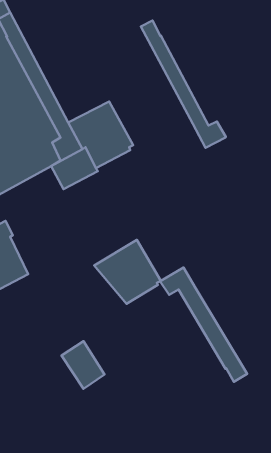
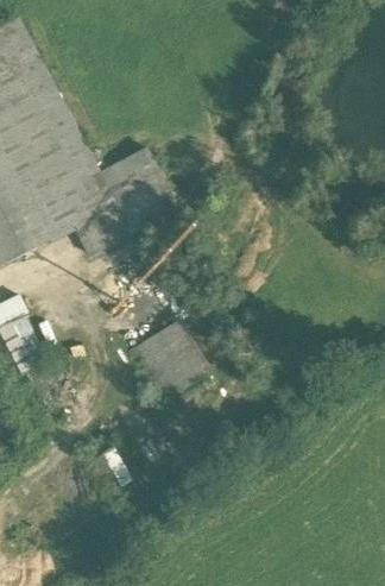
building: [141,21,226,148] -> none
building: [160,268,247,382] -> none

